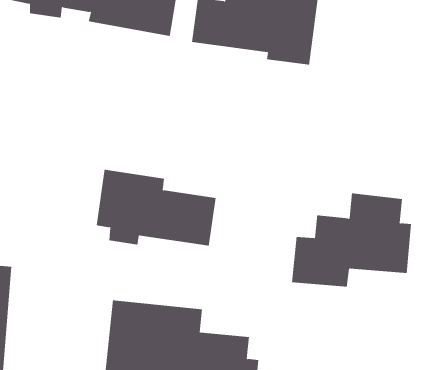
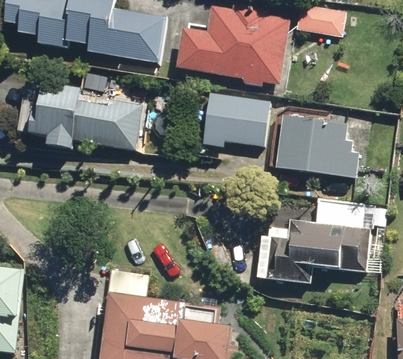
building: none -> [201,93,269,151]
building: none -> [277,113,358,176]
building: [96,169,216,246] -> [36,82,141,149]

